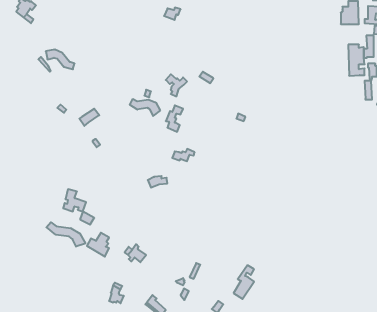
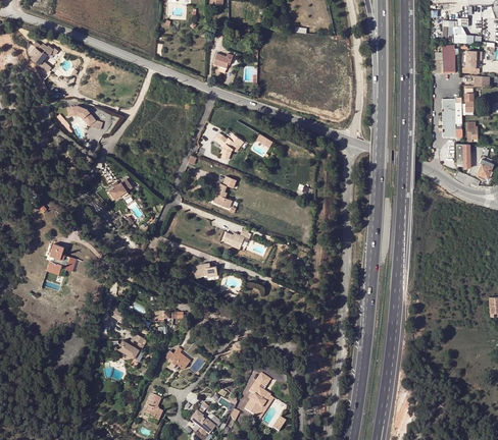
building: [130,99,160,116] -> none
building: [63,189,86,211] -> [47,243,76,271]
building: [46,222,85,247] -> none
building: [234,265,254,299] -> [244,375,269,417]

